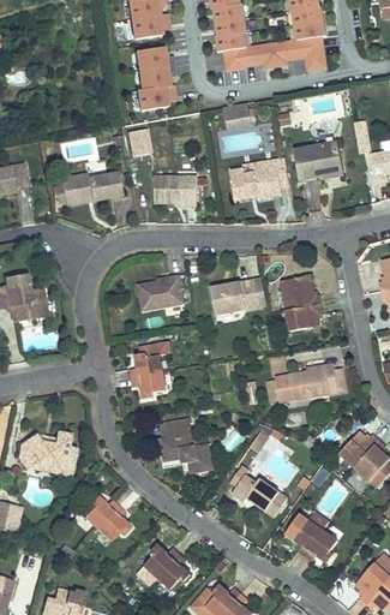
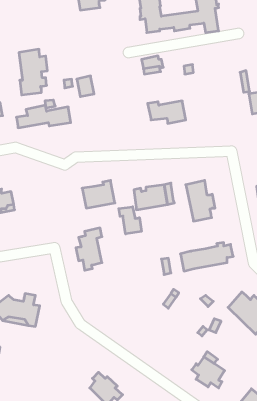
building: [137,44,176,108] -> [19,49,47,95]
building: [296,141,342,181] -> none
building: [150,171,197,203] -> none
building: none -> [119,207,141,234]
building: [161,419,211,472] -> none
building: [229,465,288,517] -> none
building: [82,494,128,541] -> none

